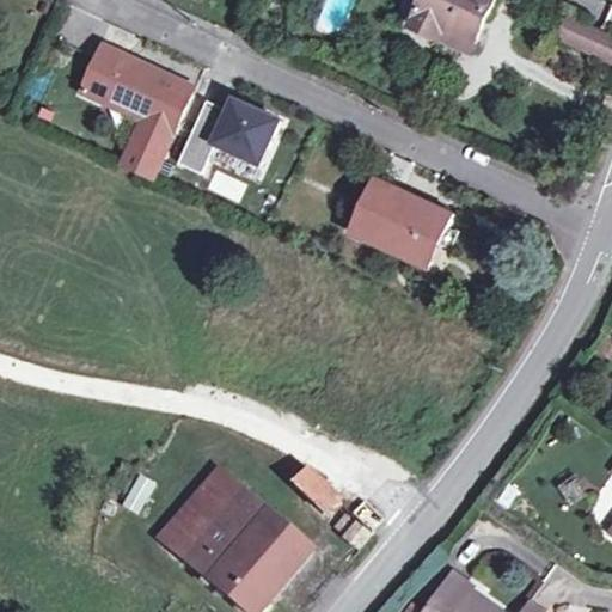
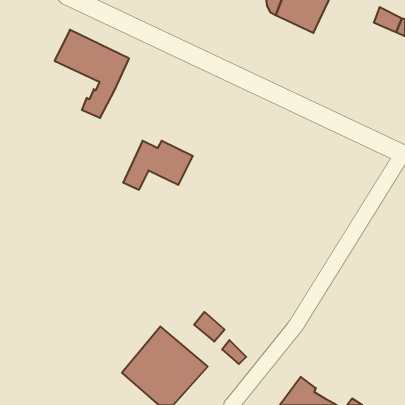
building: [177,100,281,173] -> [123,141,193,190]
building: [357,188,457,271] -> none
building: [160,467,239,556] -> none

